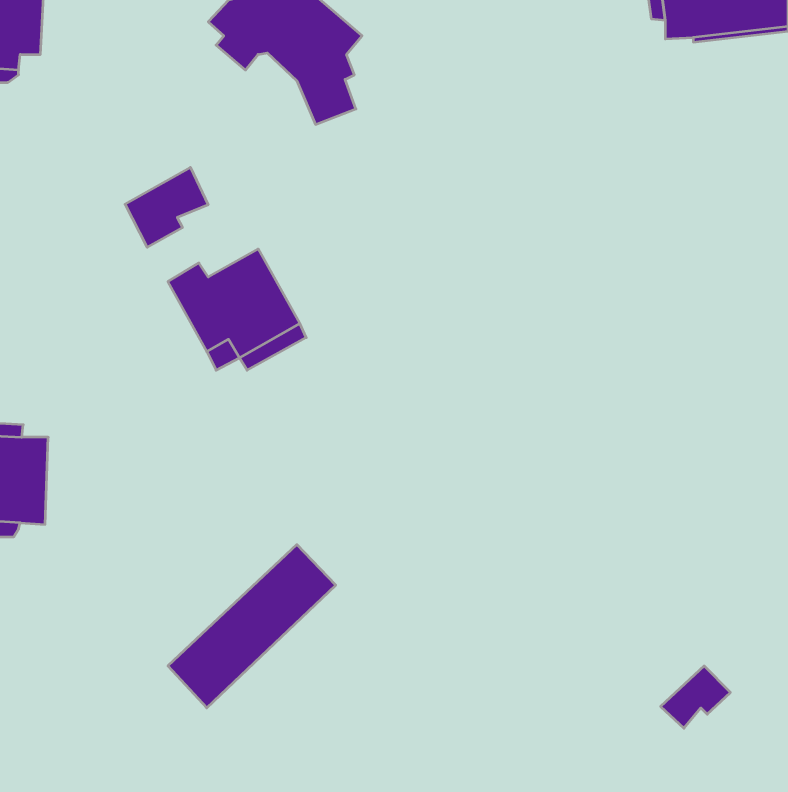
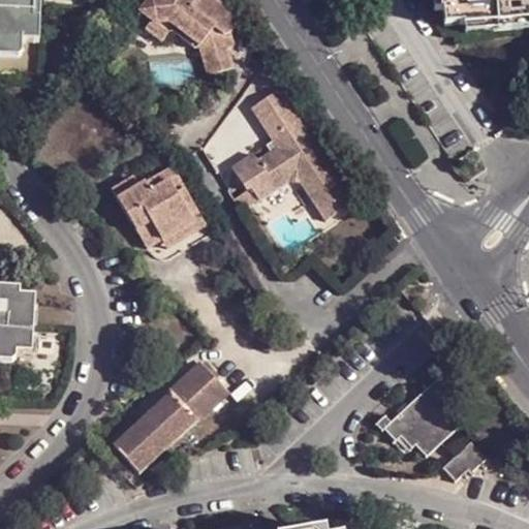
building: none -> [234,96,354,221]
building: [125,167,208,247] -> none
building: none -> [375,373,458,456]

